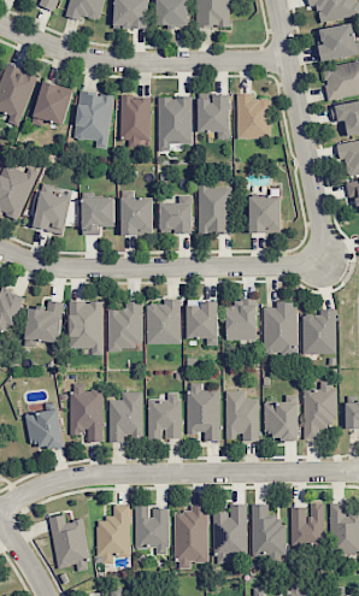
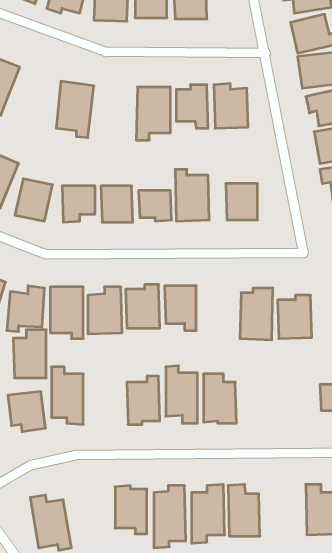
building: [33,81,71,125] -> none
building: [119,96,151,144] -> none
building: [224,297,257,340] -> none
building: [302,380,335,437] -> none
building: [108,391,142,441] -> [13,330,46,378]
building: [264,401,298,439] -> none
building: [290,502,324,549] -> none
building: [96,504,130,563] -> none

